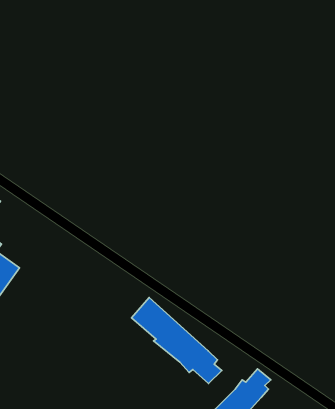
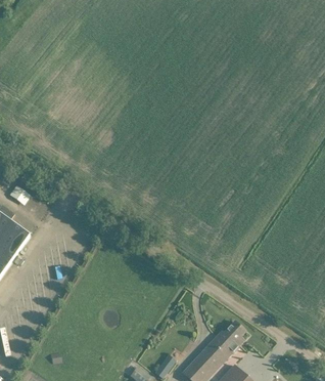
building: [131,298,222,384] -> none

